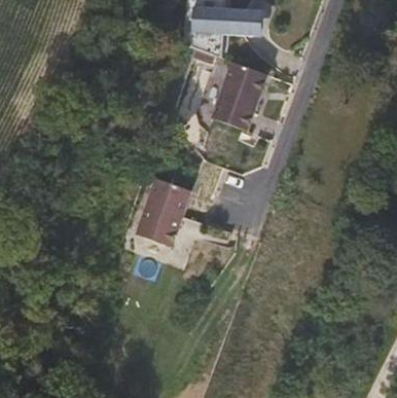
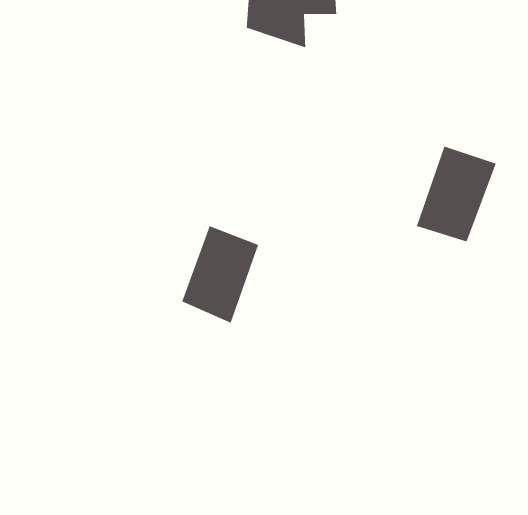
building: [213,60,269,128] -> [416,145,497,243]

